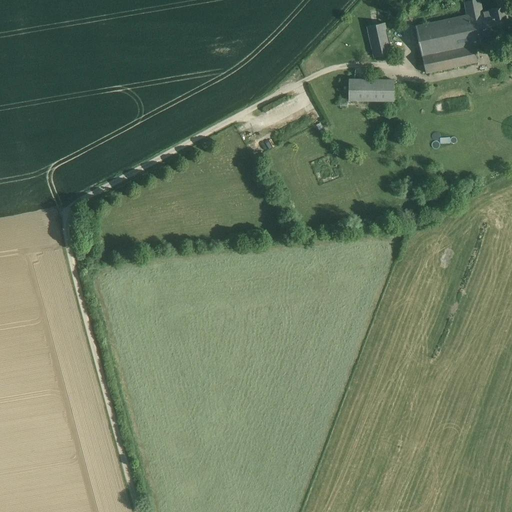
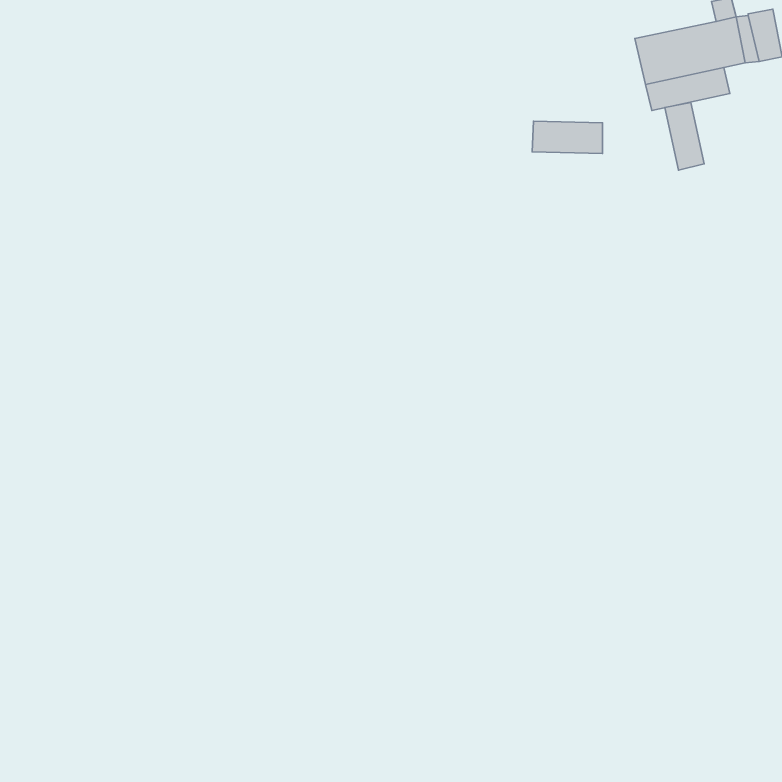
building: [366,22,391,57] -> none
building: none -> [665,103,704,170]

